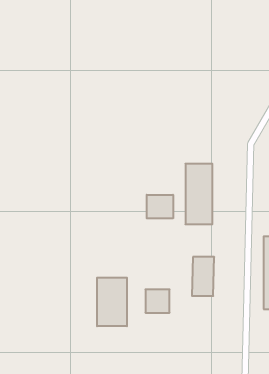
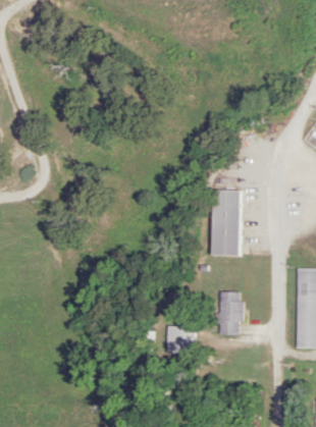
building: [147,195,173,218] -> none
building: [97,278,127,326] -> none

